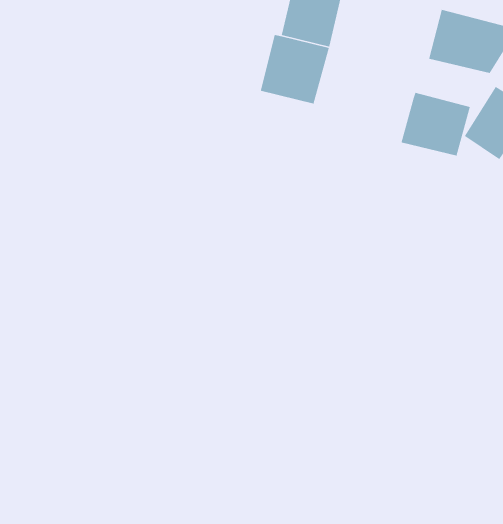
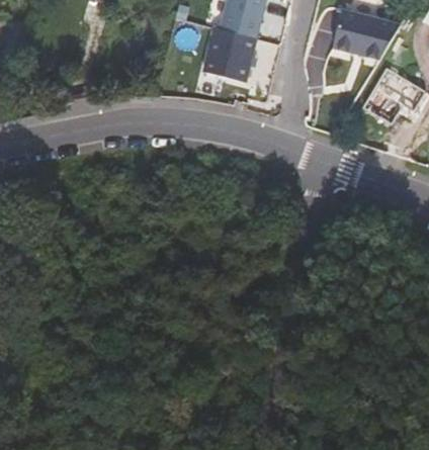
building: [401,92,471,156] -> none

